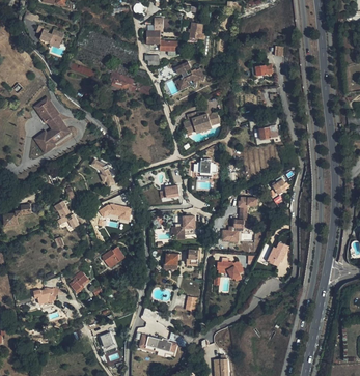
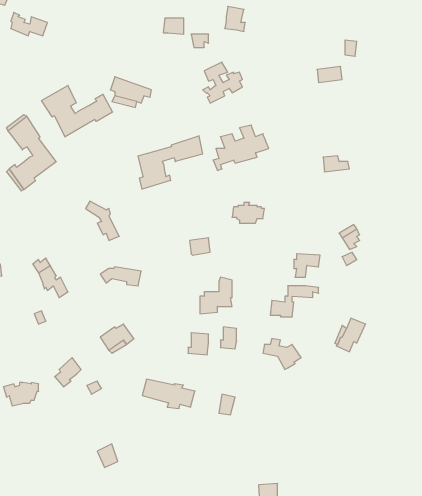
building: none -> [42,85,113,137]
building: none -> [138,136,203,189]
building: [141,336,178,356] -> [142,379,195,409]

